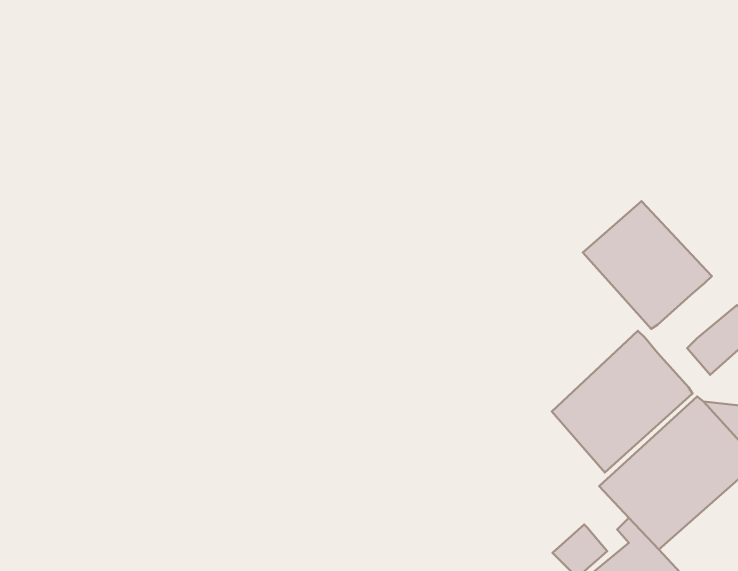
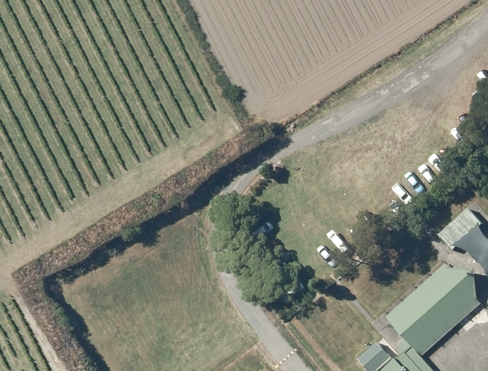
building: [583,201,712,329] -> none
building: [552,331,693,473] -> none

